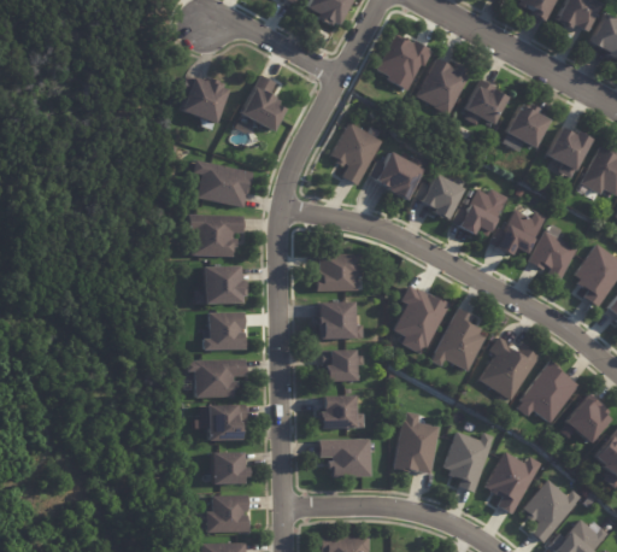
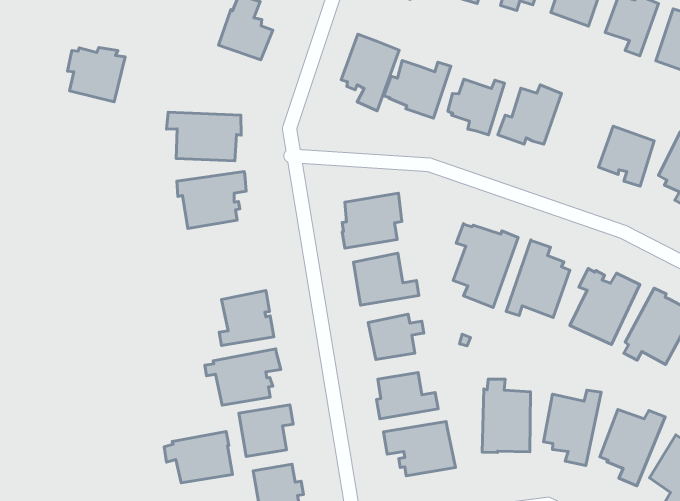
building: [181,76,229,123] -> [68,48,125,102]
building: [483,204,540,253] -> none
building: [198,265,245,304] -> none
building: none -> [164,432,233,483]

